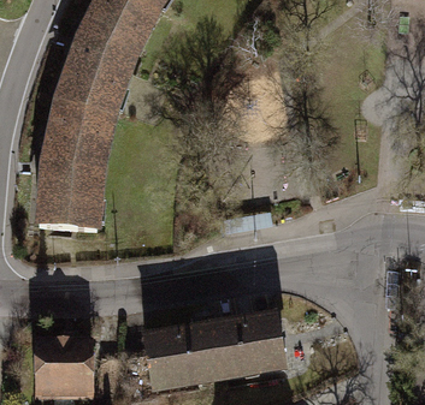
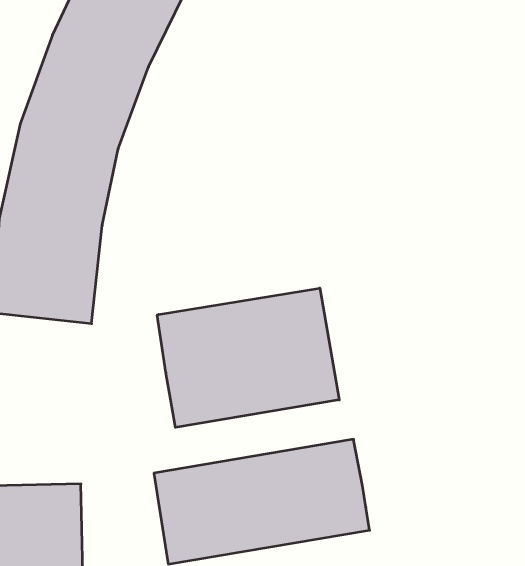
building: none -> [157,288,339,427]

